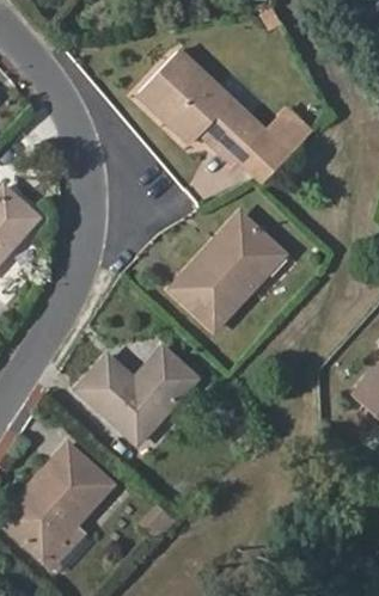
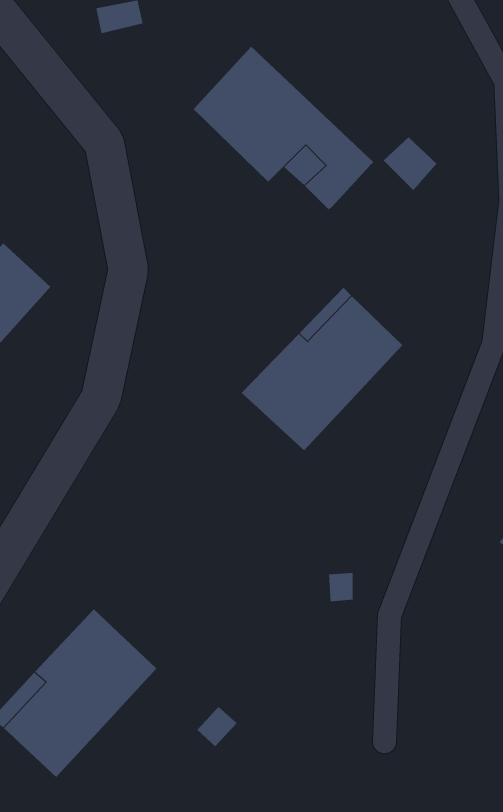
building: [236,131,287,184] -> none
building: [80,348,197,441] -> none
building: [43,527,92,577] -> none

